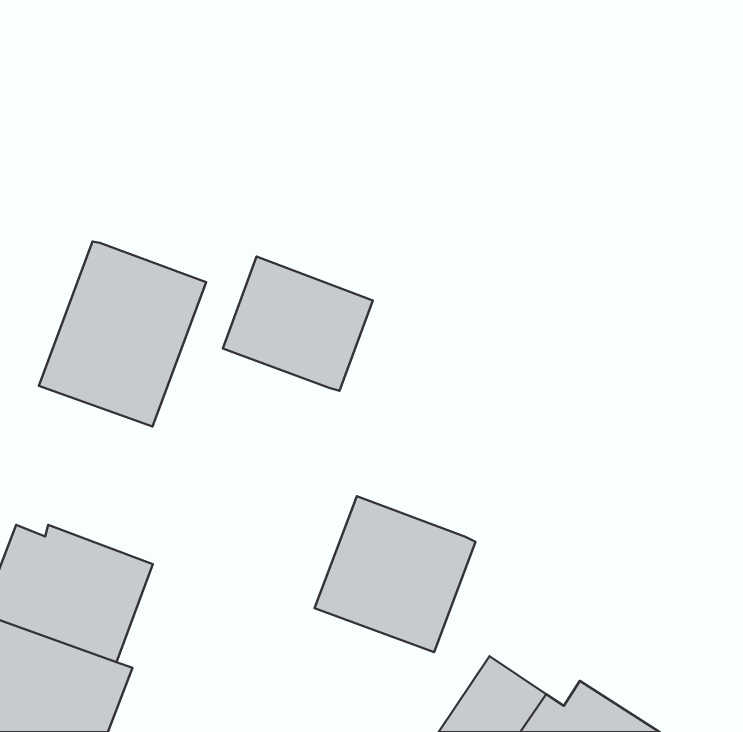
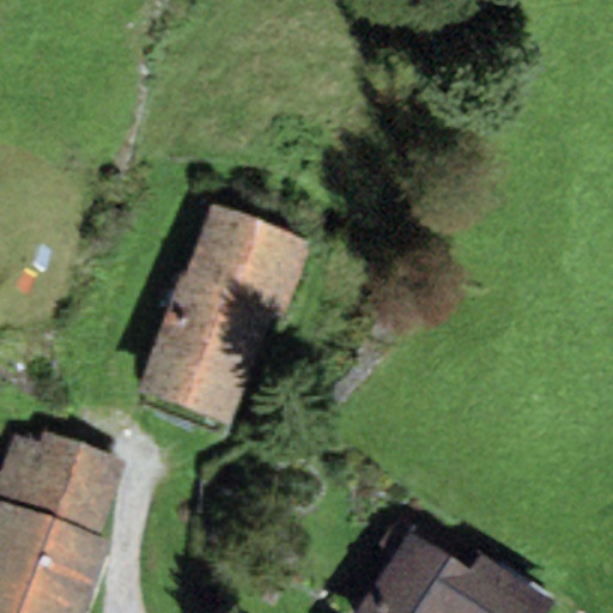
building: [39,241,206,427] -> [133,285,271,437]
building: [315,496,475,652] -> none

